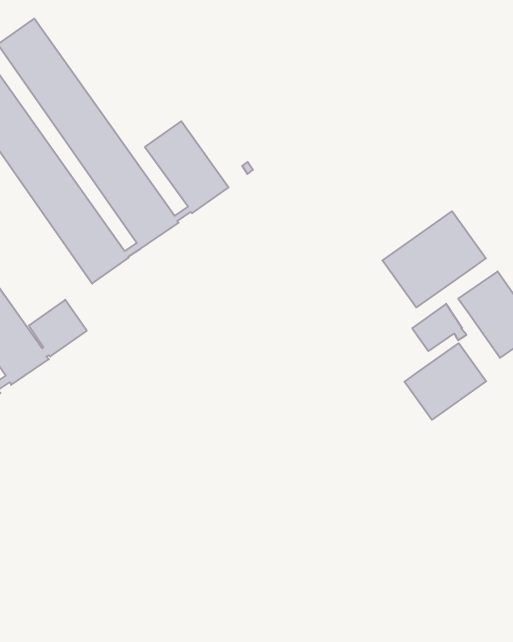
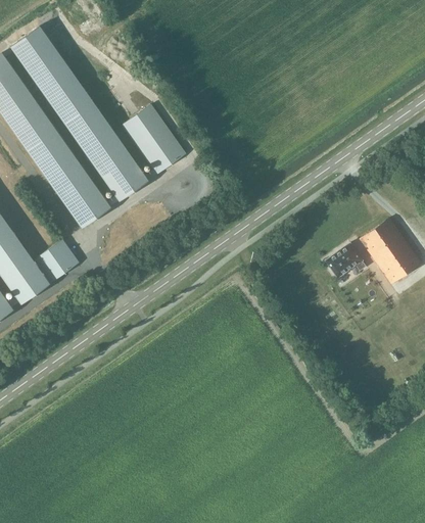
building: [382,211,486,307] -> none
building: [404,343,486,420] -> none

